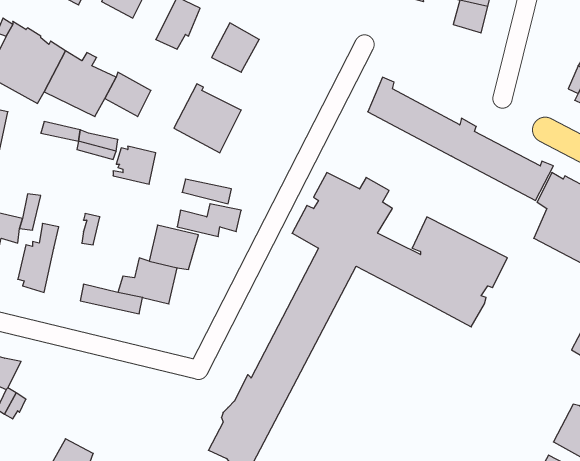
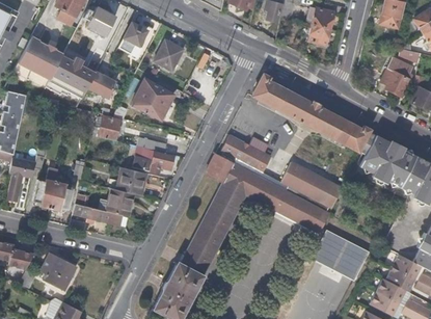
building: none -> [49,181,73,211]
building: none -> [312,229,369,278]
building: none -> [43,252,76,289]

